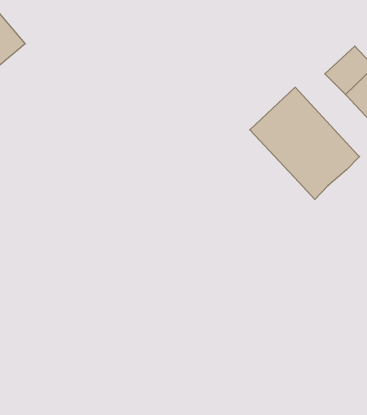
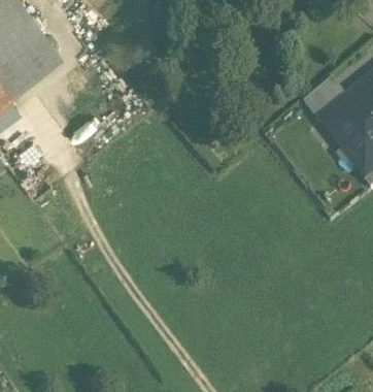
building: [250,87,360,199] -> none

